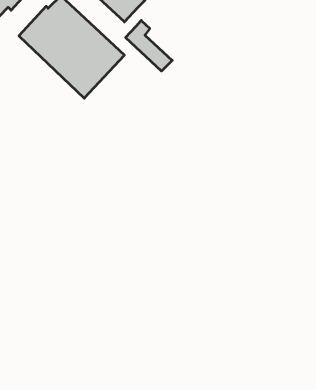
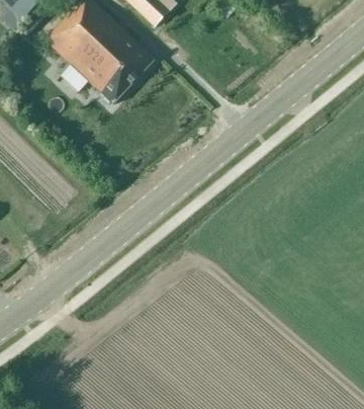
building: [126,20,172,71] -> none

